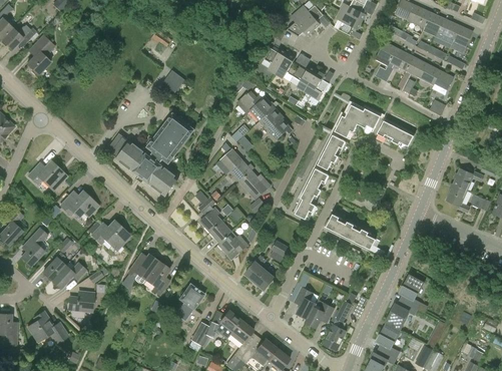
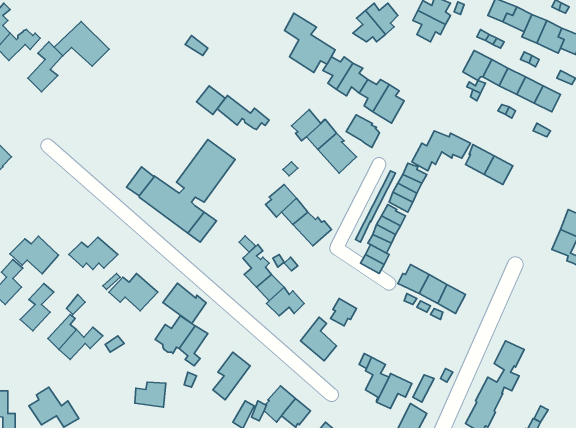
building: none -> [284,13,335,72]
building: none -> [54,22,109,66]
building: none -> [217,96,269,129]
building: none -> [346,115,380,147]
building: [27,160,66,191] -> [10,236,59,274]
building: none -> [163,283,206,324]
building: [68,292,93,312] -> [135,382,166,407]

